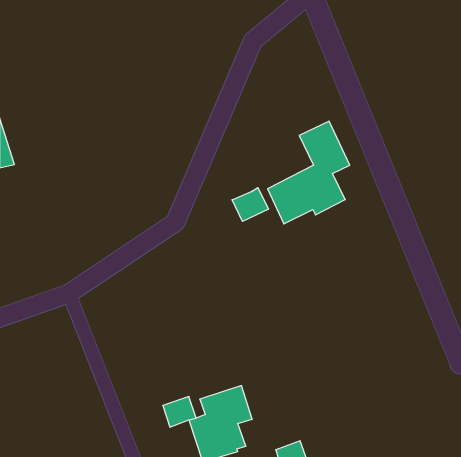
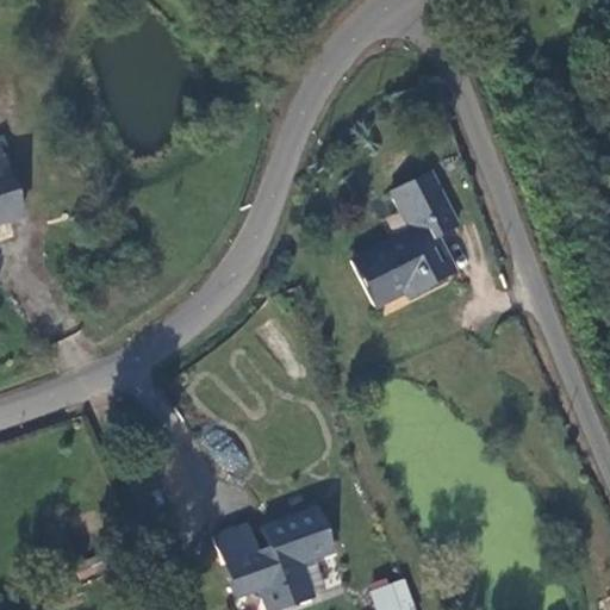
building: [232,188,268,221] -> none

